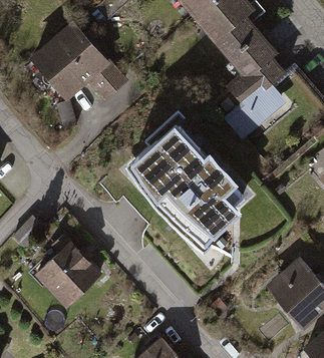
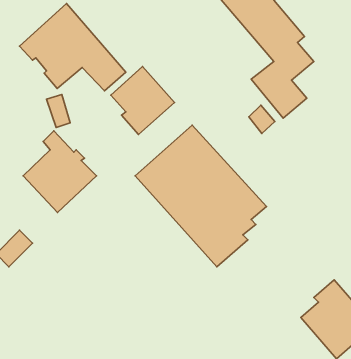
building: none -> [111,66,174,134]
building: [36,236,98,305] -> [23,131,96,212]

